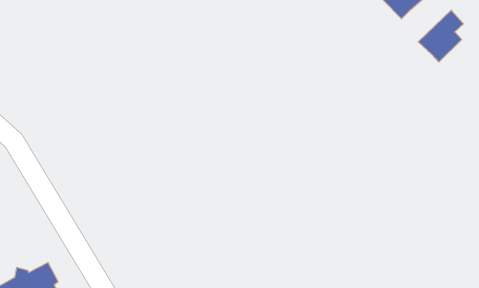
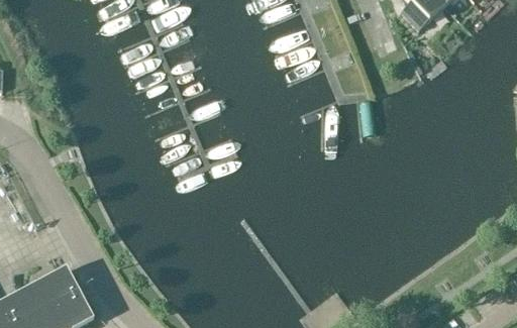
building: [418,10,464,62] -> none

